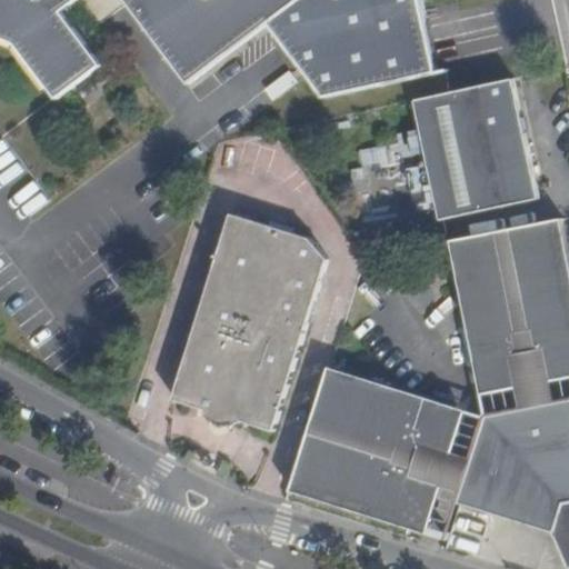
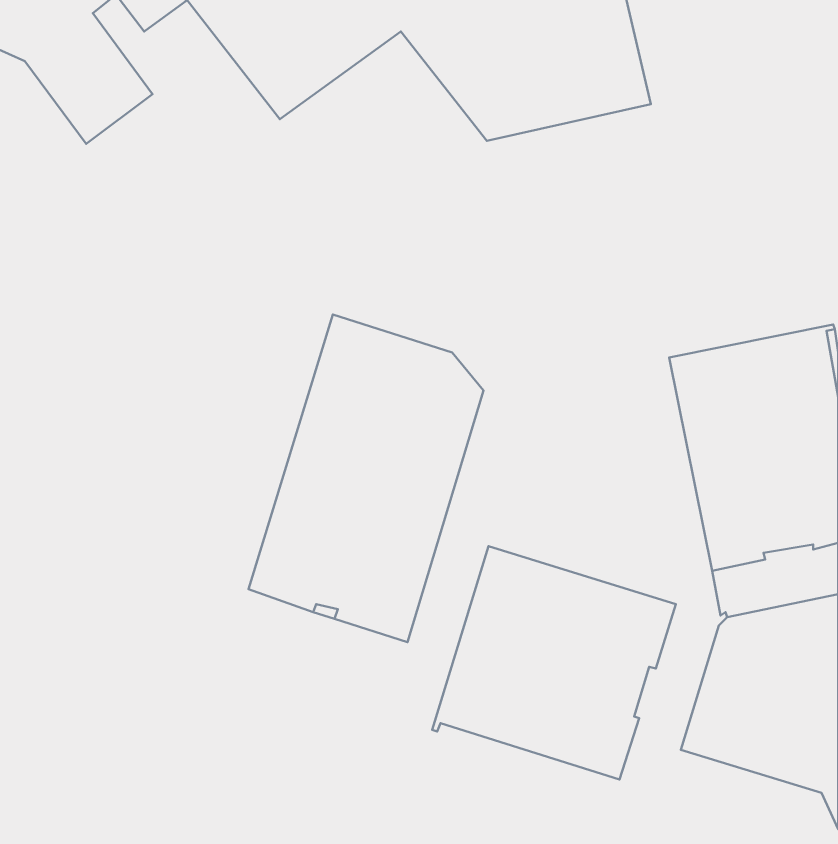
building: [410,77,537,220] -> none
building: [293,406,482,539] -> none

